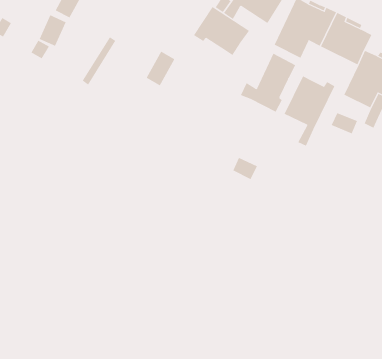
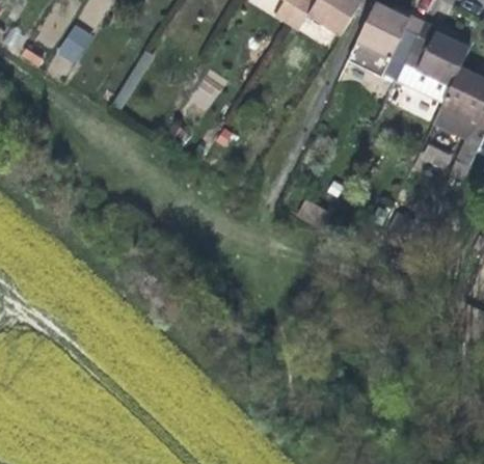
building: [193,6,250,56] -> none
building: [240,53,296,112] -> none
building: [284,75,335,147] -> none

